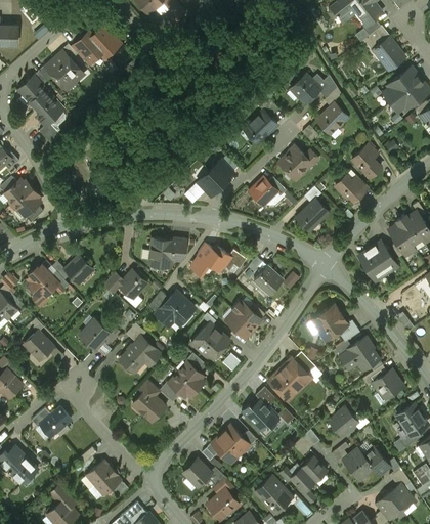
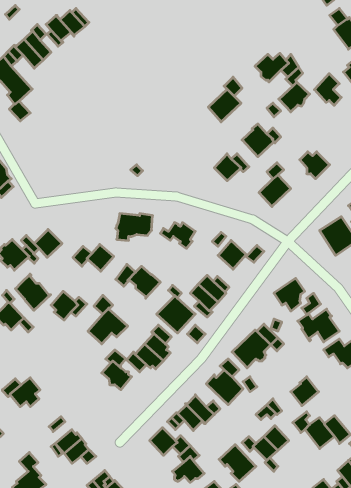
building: [352,143,380,176] -> [314,74,341,105]
building: [192,157,231,194] -> none
building: none -> [15,274,51,310]

